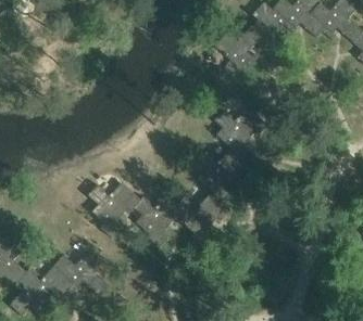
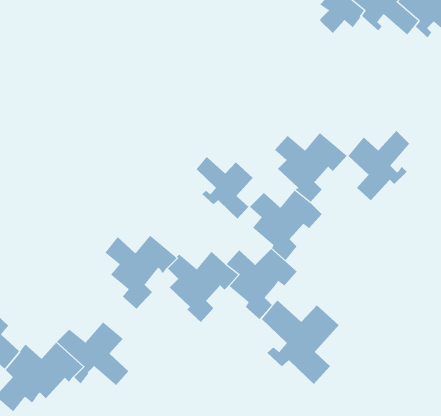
building: [214,24,261,77] -> [347,129,410,201]
building: none -> [196,155,254,220]
building: none -> [261,299,340,385]

